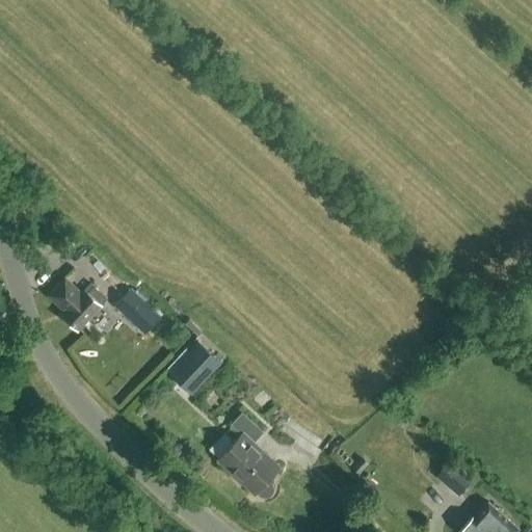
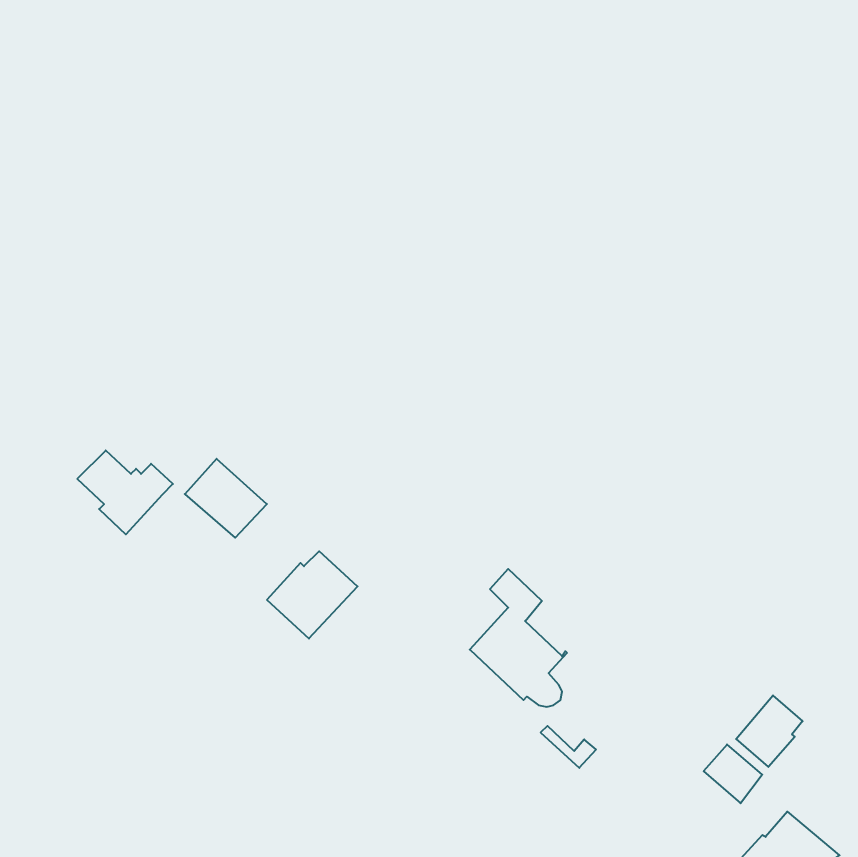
building: [218,414,278,499] -> [470,569,567,707]
building: none -> [736,695,803,767]

